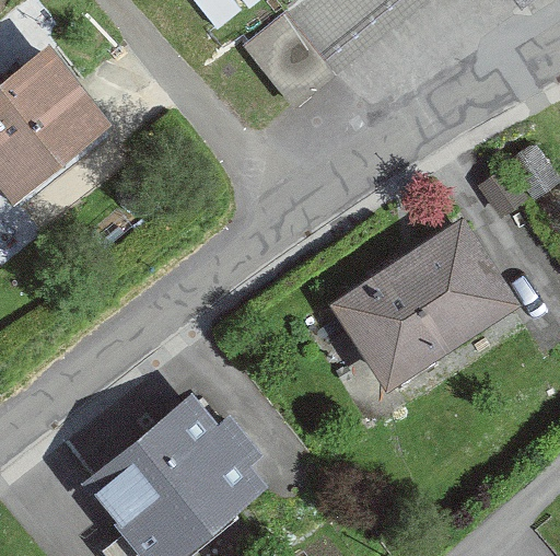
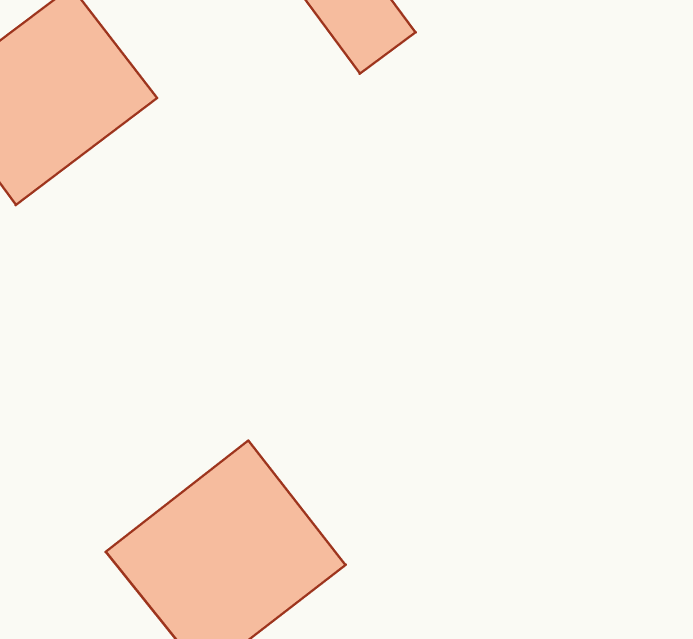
building: [328,213,522,393] -> none

